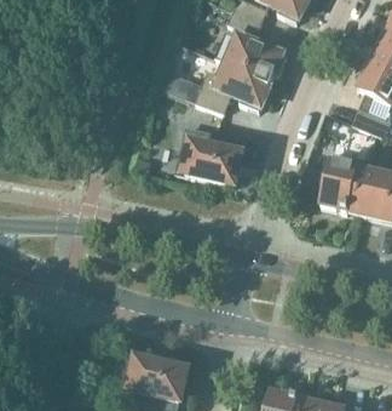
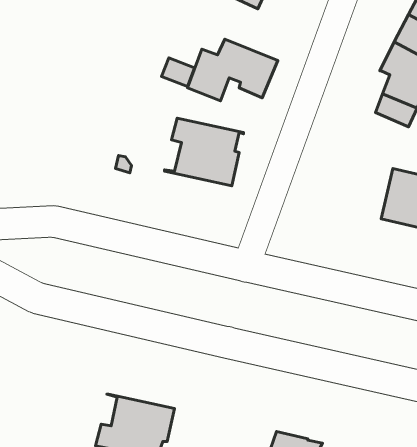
building: [227,32,287,76] -> none
building: [321,149,371,210] -> none

